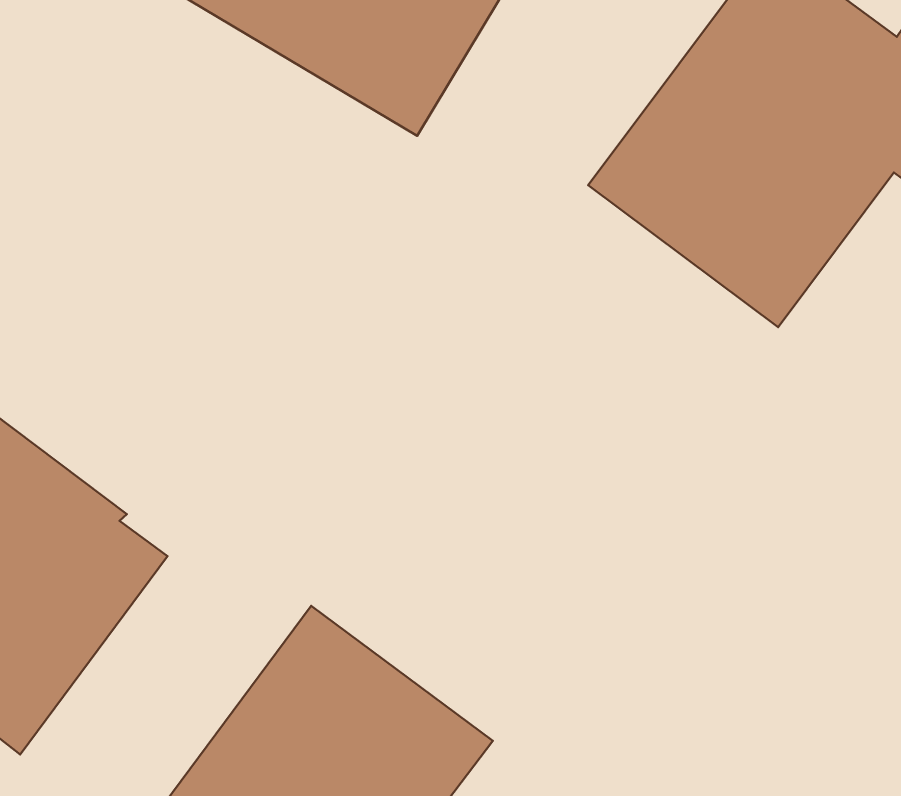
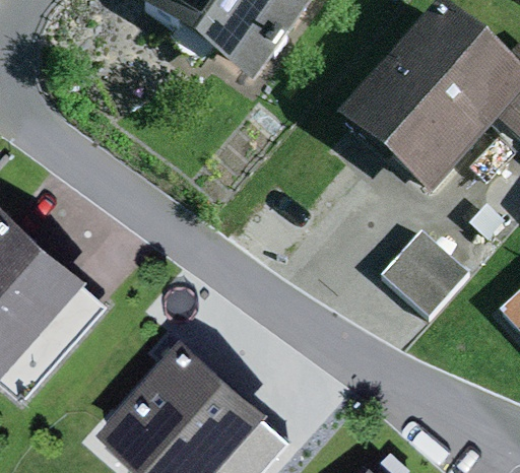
building: none -> [389,221,477,309]

